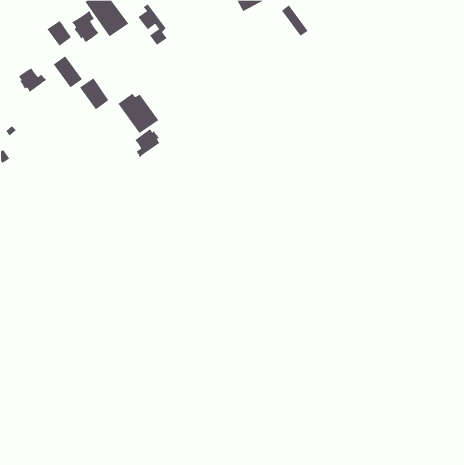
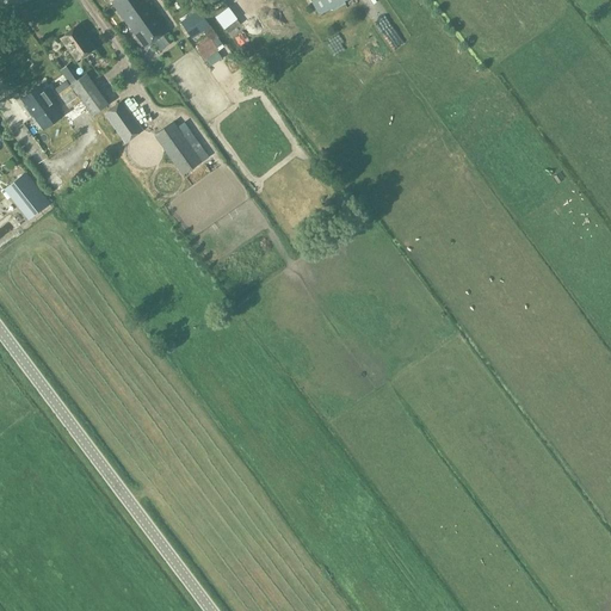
building: [71,10,99,43] -> none
building: [134,128,161,158] -> none
building: none -> [6,173,49,217]

